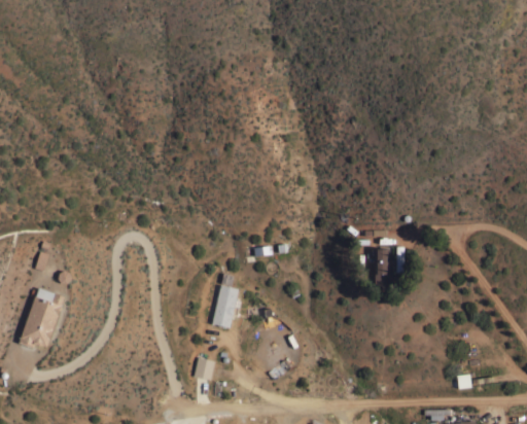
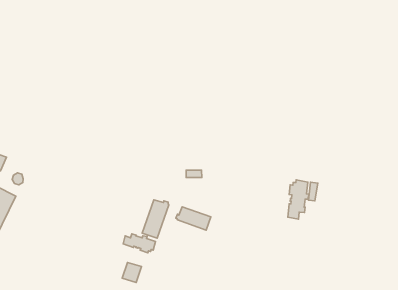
building: none -> [176,207,211,230]
building: none -> [123,234,155,253]

